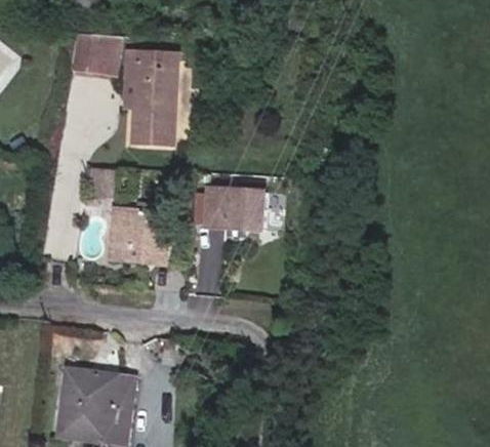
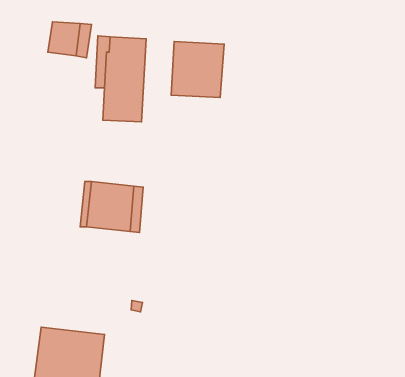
building: none -> [171,41,224,97]
building: [206,189,266,230] -> none

